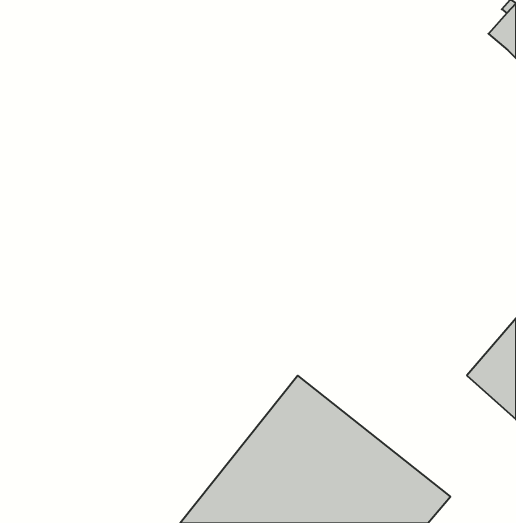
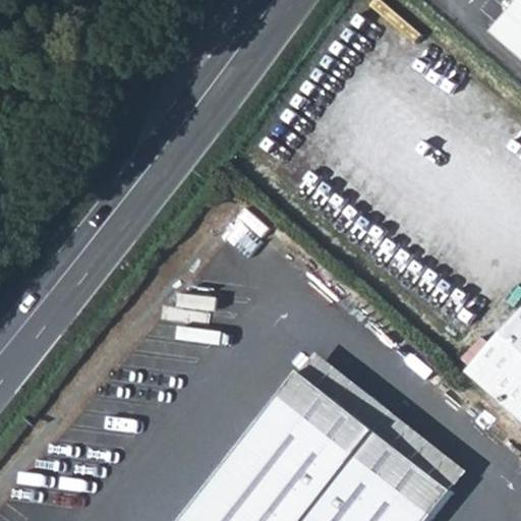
building: none -> [296,354,464,494]

